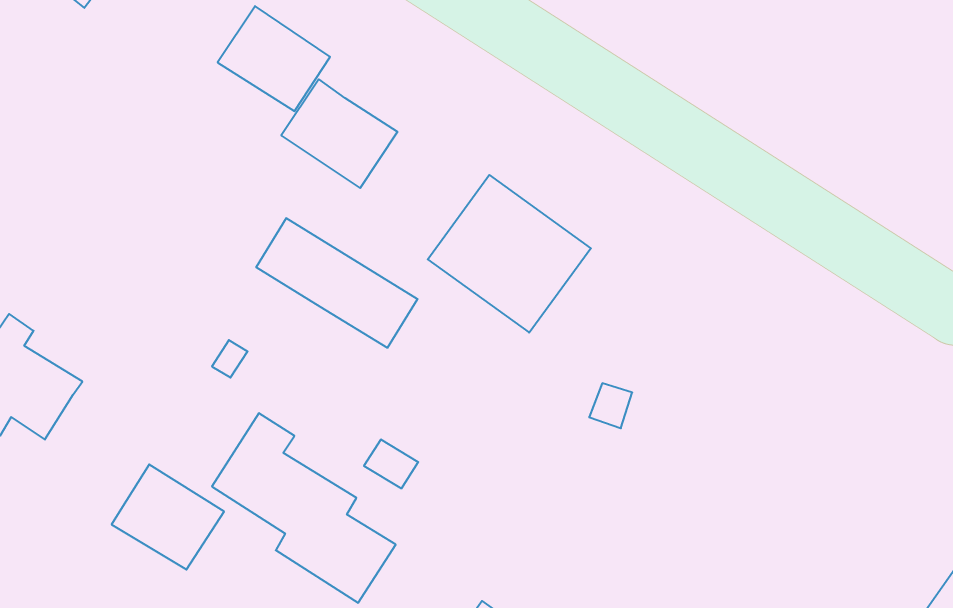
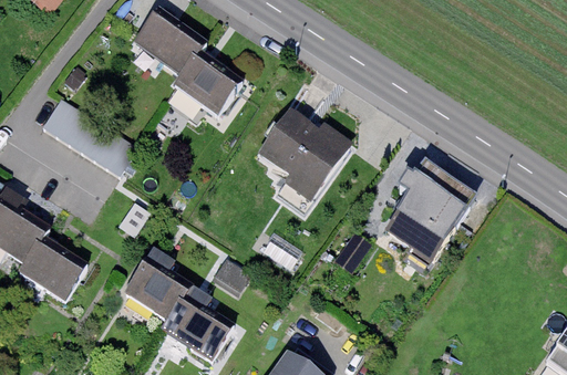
building: [256,218,418,348] -> [42,98,137,175]
building: none -> [388,168,476,258]
building: [112,464,224,570] -> [21,237,87,299]

